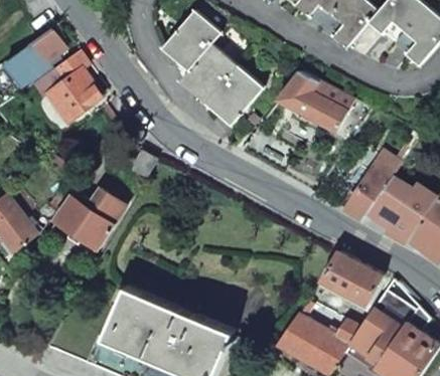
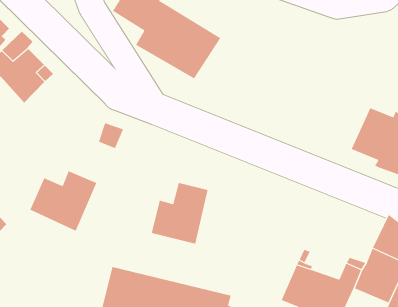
building: [279,74,372,137] -> none
building: [337,148,402,222] -> none
building: none -> [151,182,208,244]
building: [321,252,384,305] -> none

